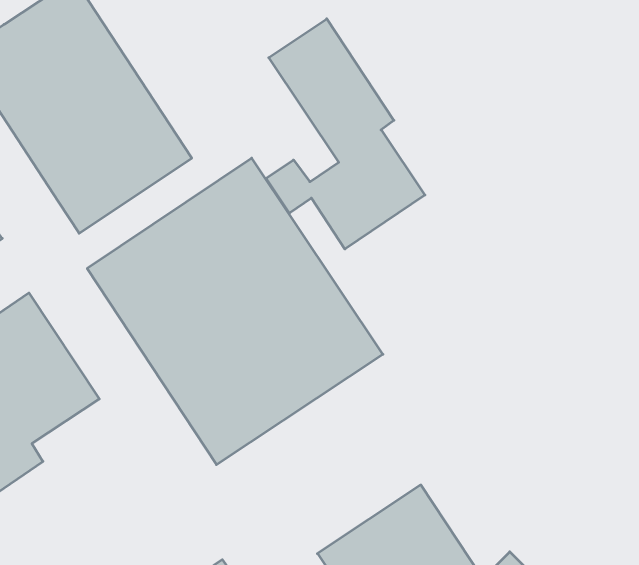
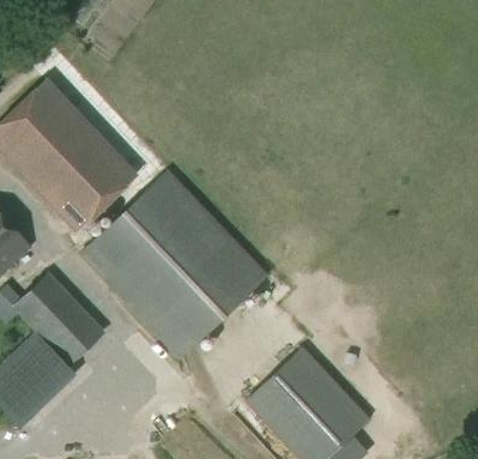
building: [266,19,425,249] -> none

